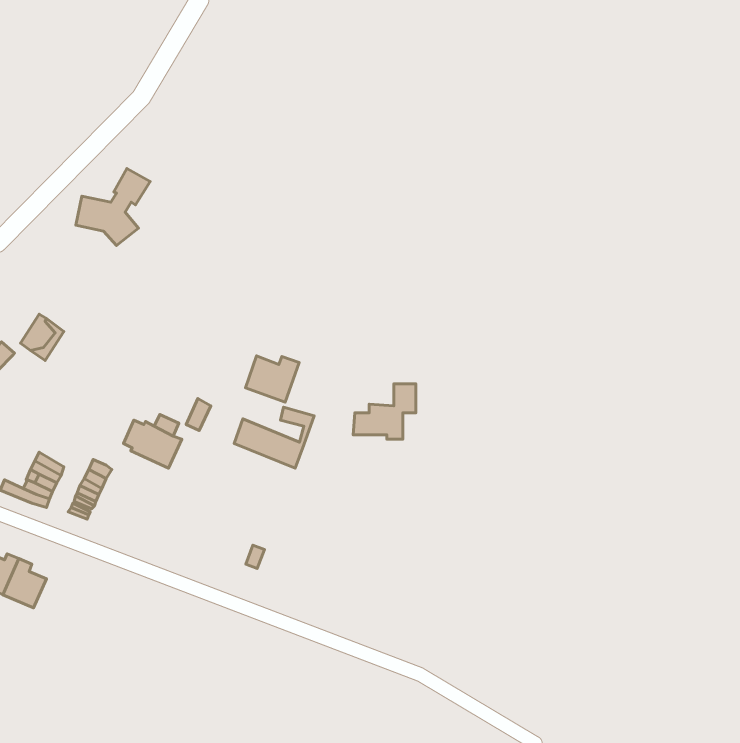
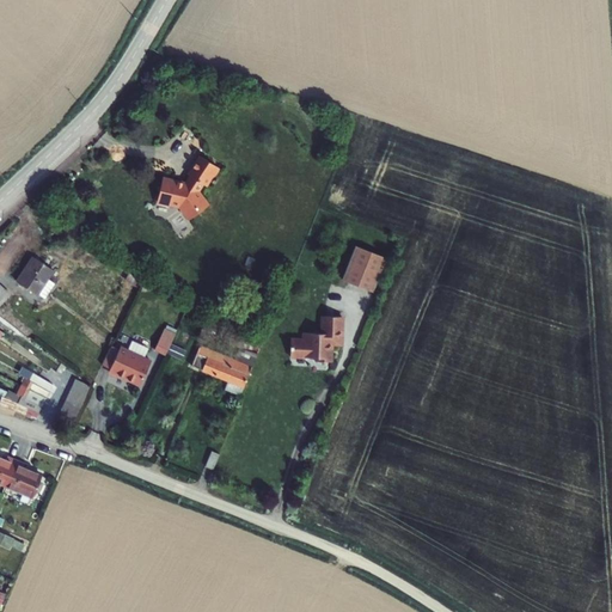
building: [76,169,150,246] -> [154,155,215,219]
building: none -> [341,245,384,292]
building: [246,356,299,402] -> none

